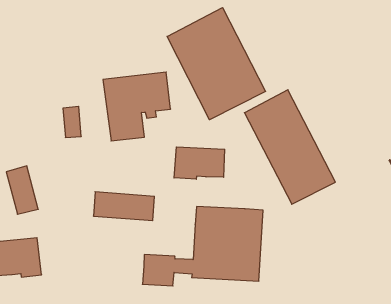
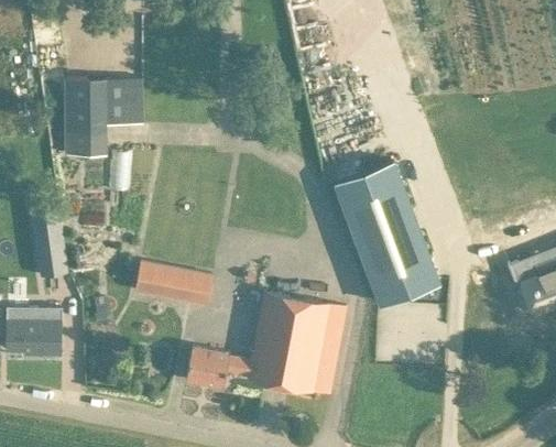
building: [167,8,266,120] -> none
building: [103,72,171,141] -> [64,78,143,155]
building: [174,147,225,179] -> none

